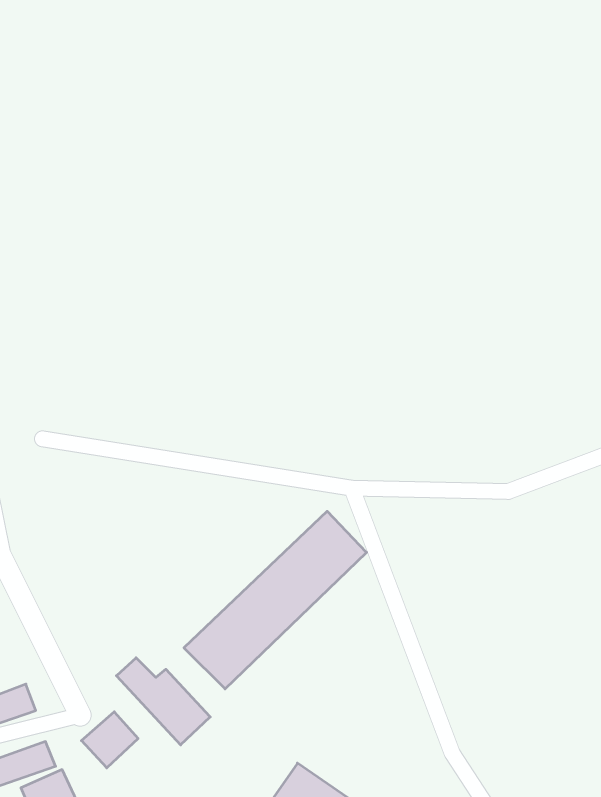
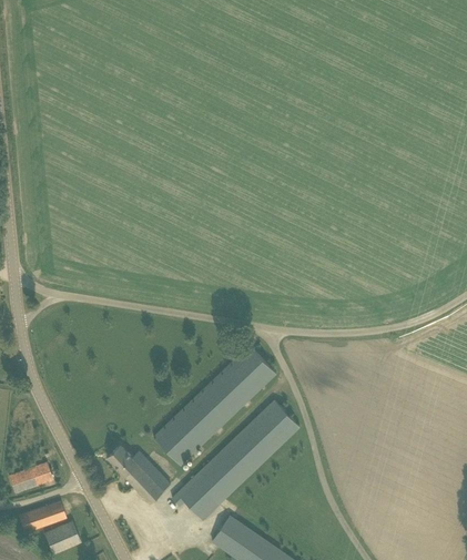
building: none -> [171,400,298,520]
building: [81,712,138,768] -> none

